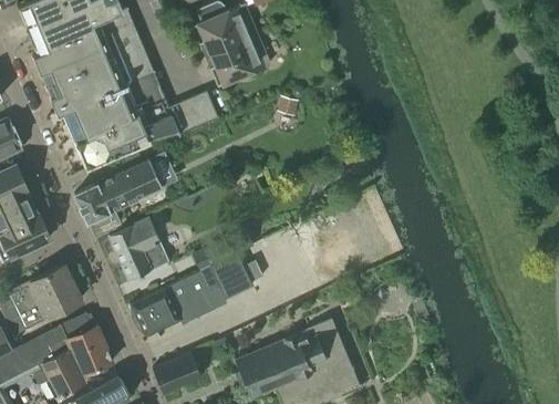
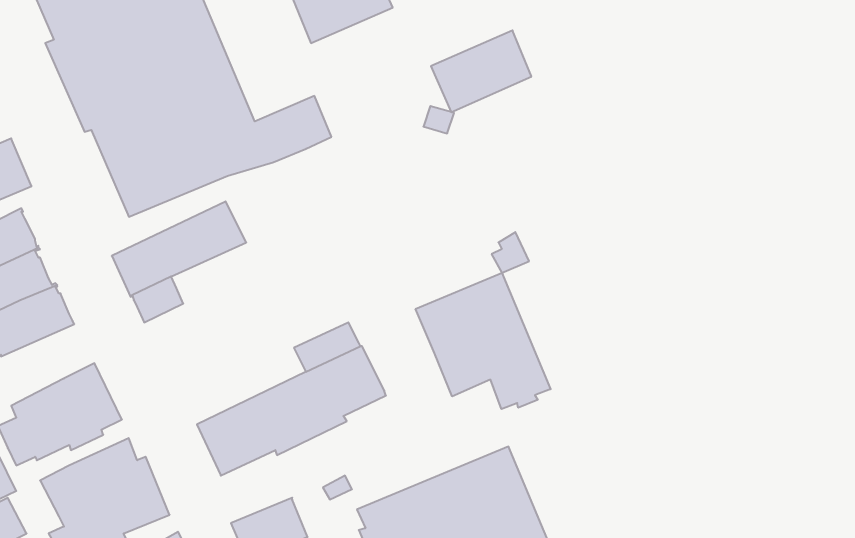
building: [205,33,270,86] -> [431,30,531,112]
building: none -> [416,273,551,409]
building: [108,217,170,280] -> none

